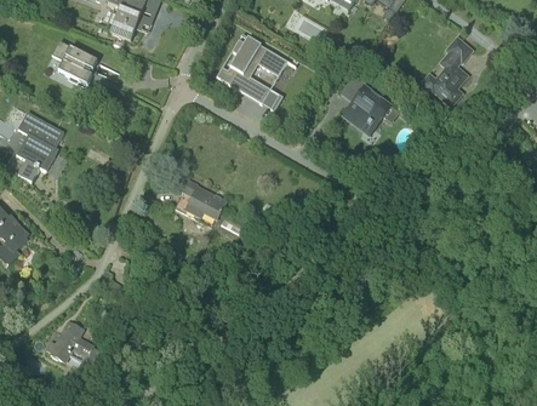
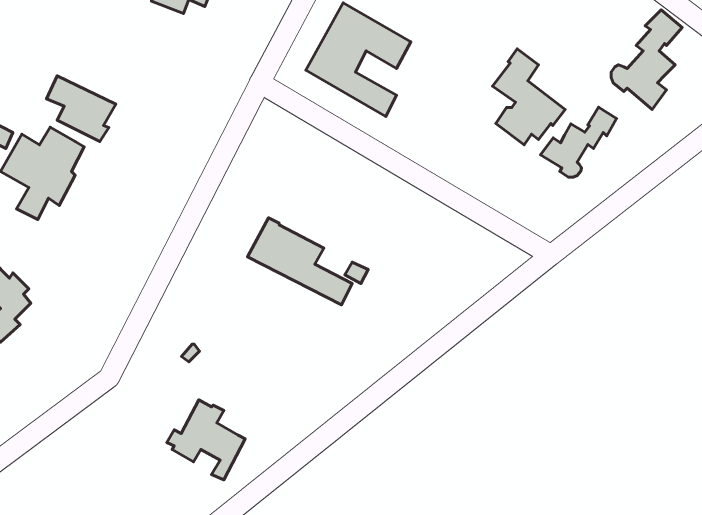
building: [52,40,99,85] -> [47,76,116,142]
building: none -> [541,107,616,177]
building: [46,320,99,374] -> [167,400,245,480]

